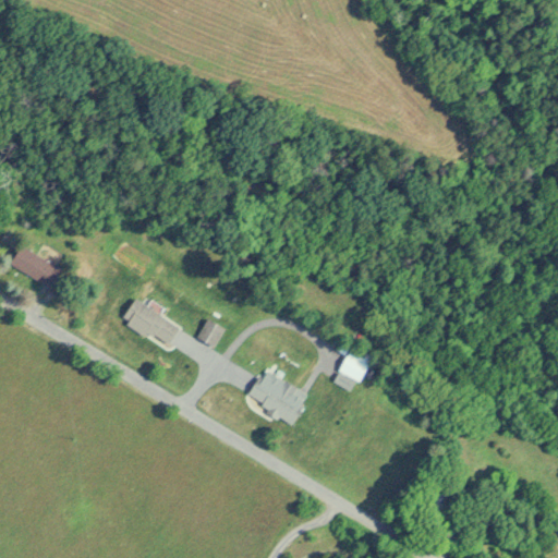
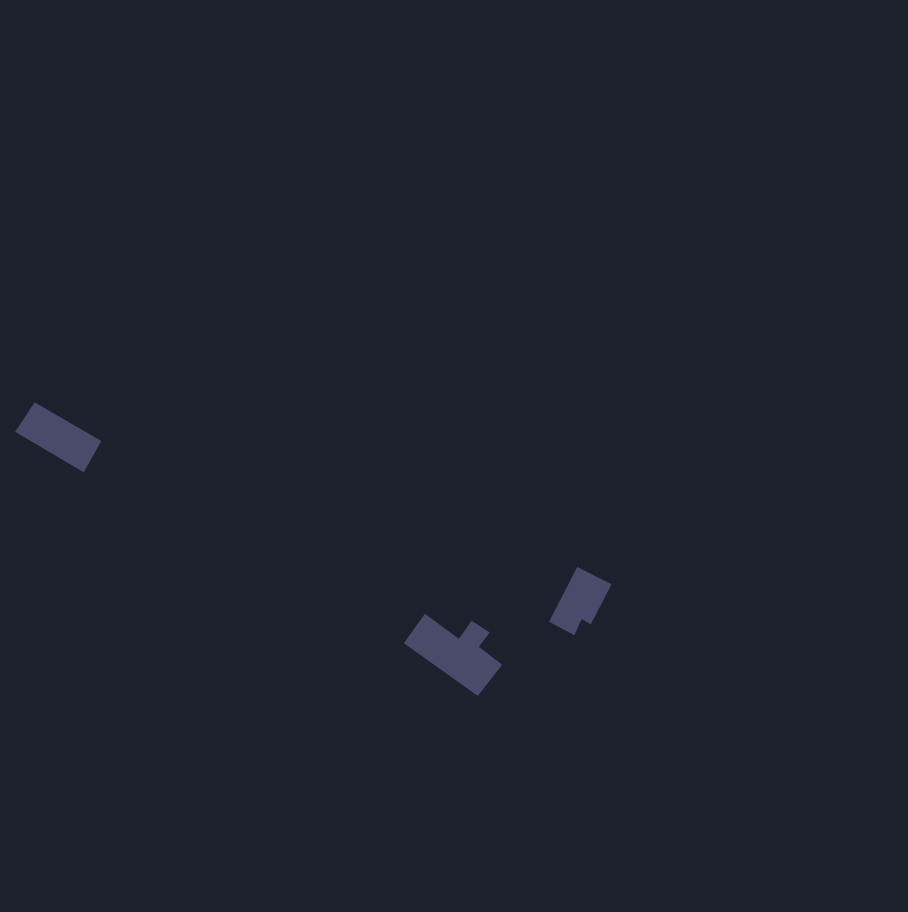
building: [121,298,180,348] -> none
building: [197,318,226,347] -> none

